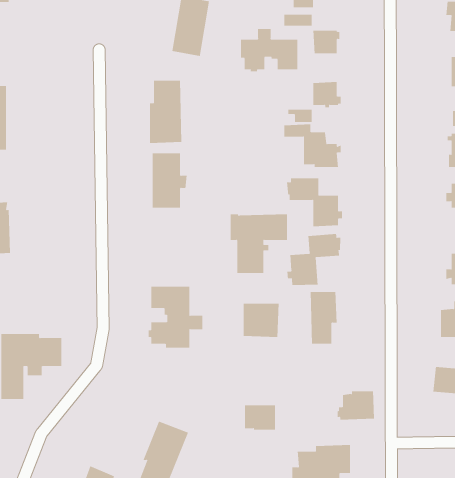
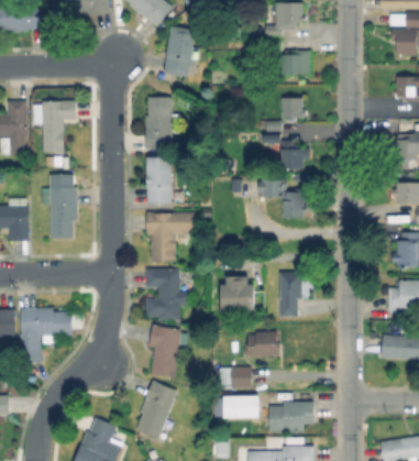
building: [240,28,298,72] -> none
building: none -> [33,101,77,152]
building: none -> [43,177,78,239]
building: [230,214,288,273] -> [146,212,195,262]
building: [287,233,341,286] -> none
building: none -> [150,325,188,378]
building: [337,391,375,420] -> [244,332,276,356]
building: none -> [225,398,258,420]

